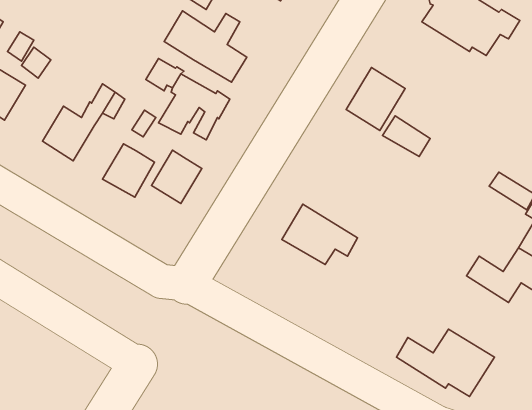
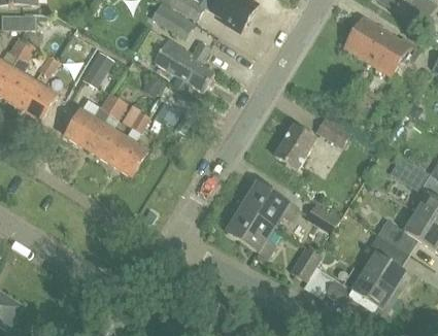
building: none -> [82,51,115,88]
building: [346,68,405,131] -> [274,123,317,169]
building: [151,150,202,204] -> [88,123,125,162]
building: none -> [305,202,340,233]
building: none -> [226,206,274,256]
building: none -> [364,233,410,293]
building: none -> [290,244,323,280]

